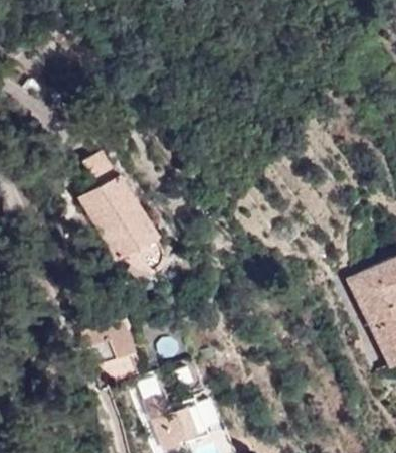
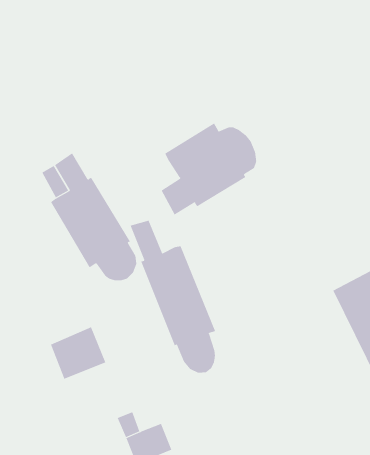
building: none -> [161,122,257,215]
building: none -> [130,220,216,373]

